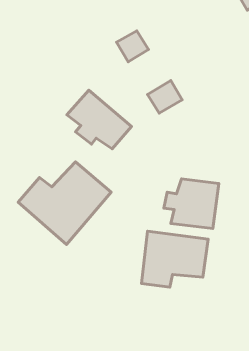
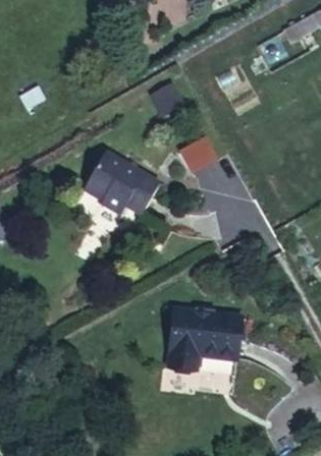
building: [18,162,111,244] -> none
building: [164,179,219,228] -> none

